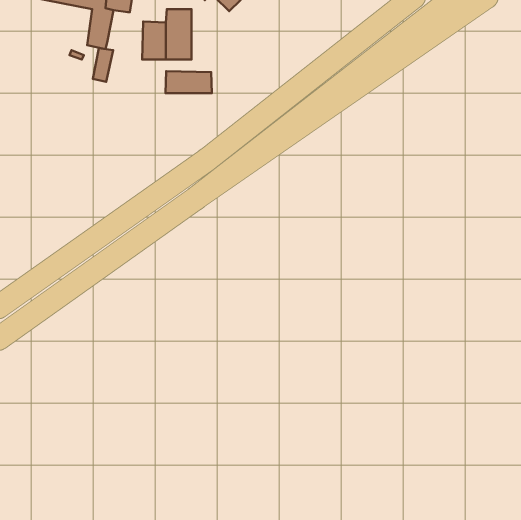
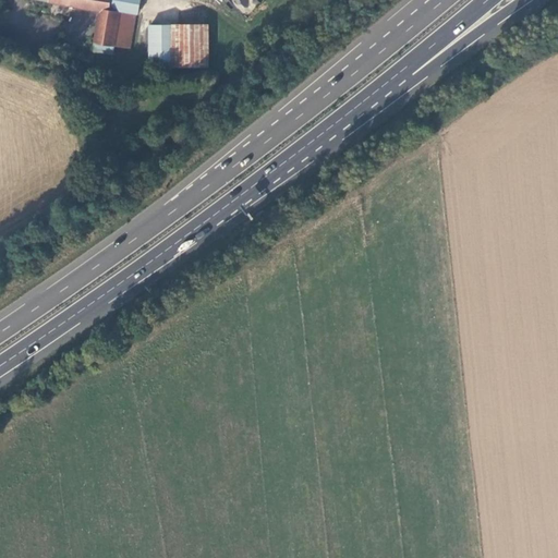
building: [93,48,113,82] -> [114,11,136,47]
building: [165,71,212,93] -> none

